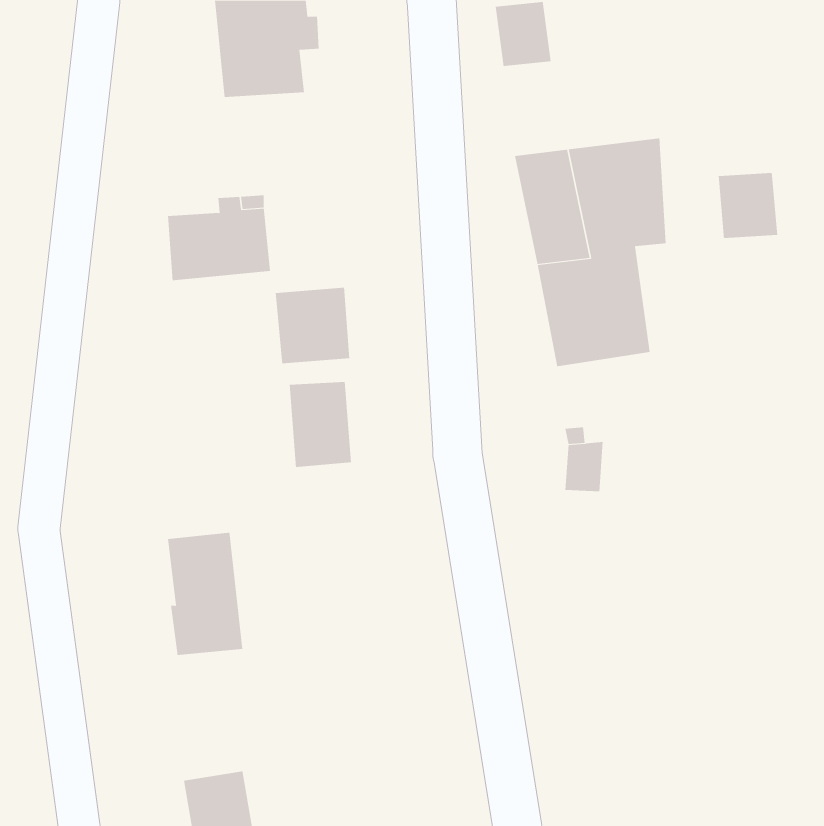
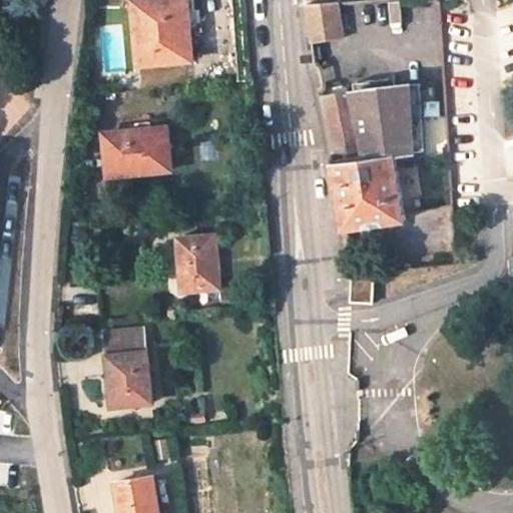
building: [718,172,778,239] -> none
building: [275,287,350,364] -> none

